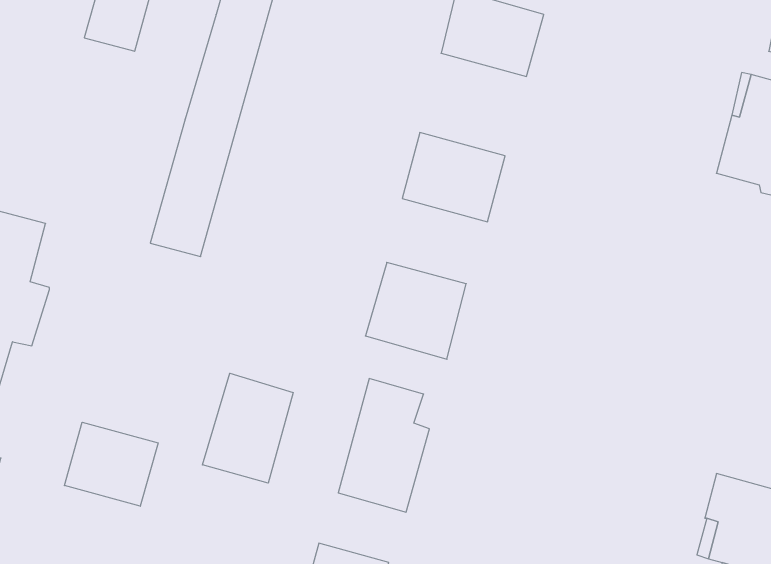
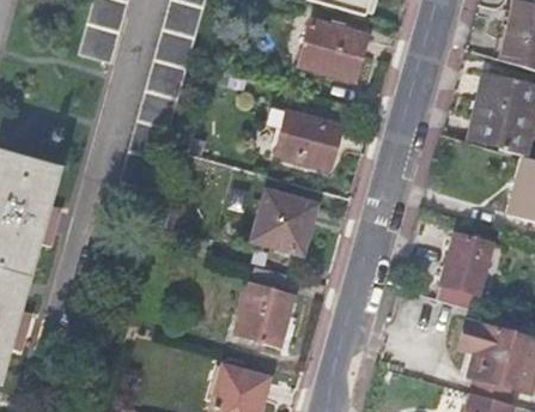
building: none -> [434,232,492,310]
building: [202,373,293,483] -> none
building: [64,422,158,506] -> none

